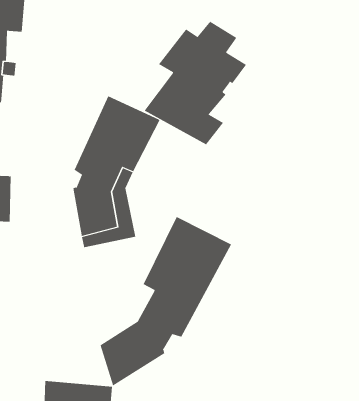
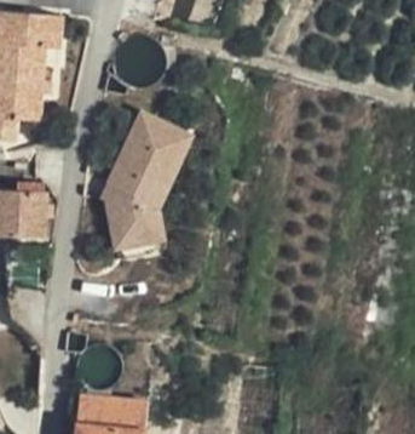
building: [144,21,247,145] -> none
building: [100,216,232,387] -> none

